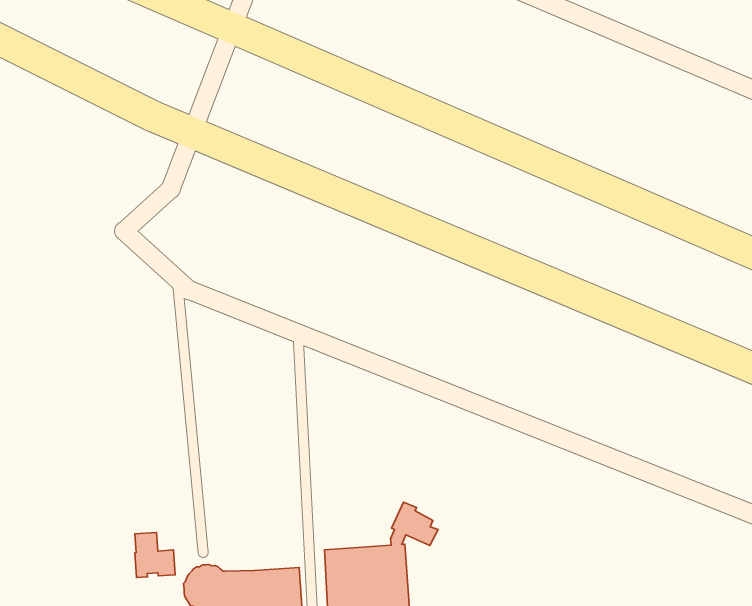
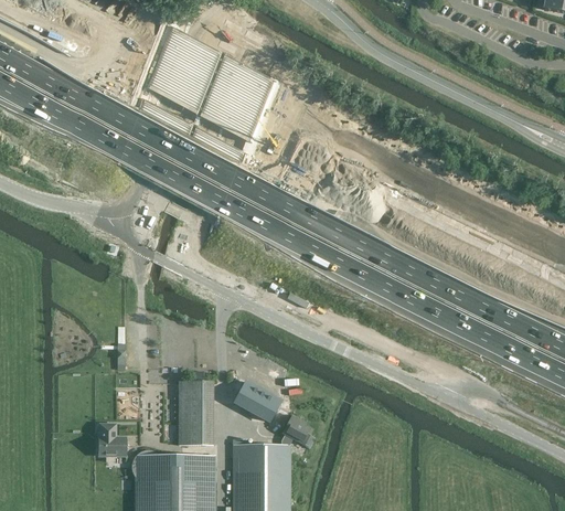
building: none -> [234,381,281,420]
building: none -> [177,381,212,444]

